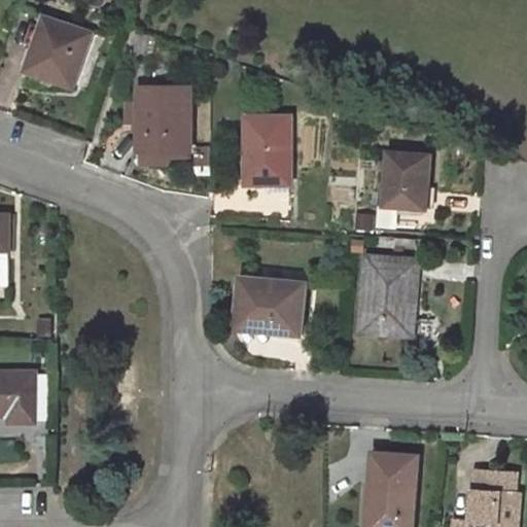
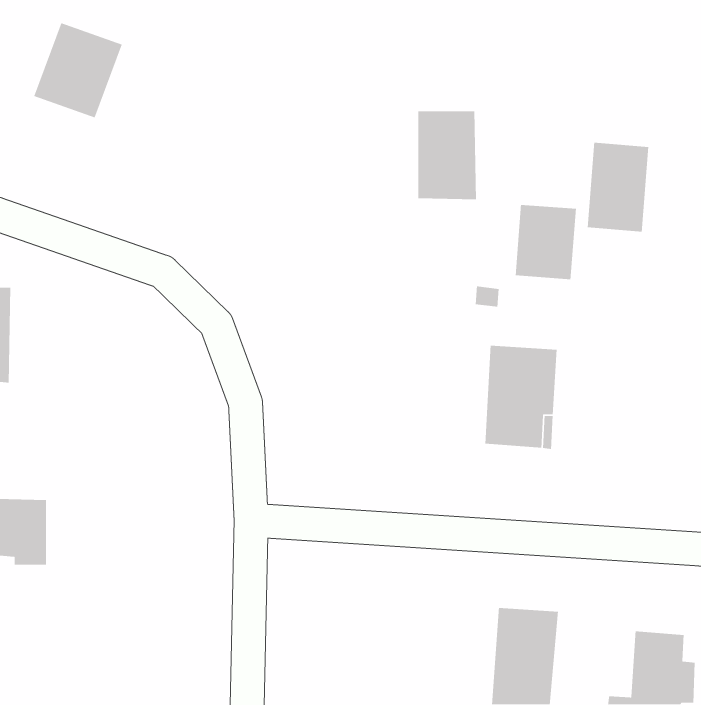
building: [139,86,188,151] -> none
building: none -> [587,142,649,233]
building: [246,117,290,184] -> [417,111,477,200]
building: [237,277,305,335] -> none

